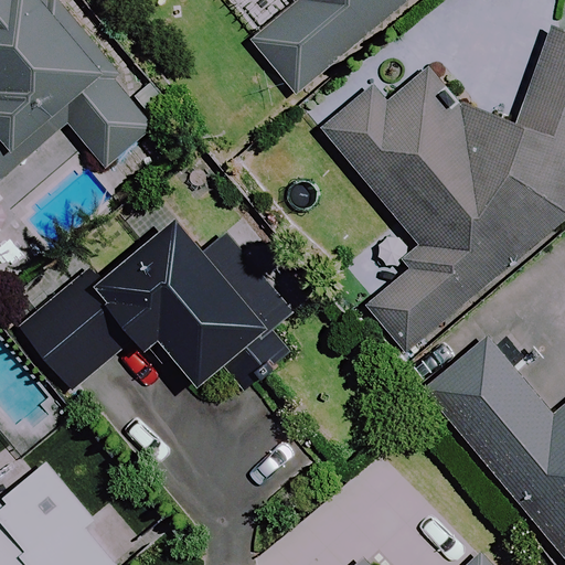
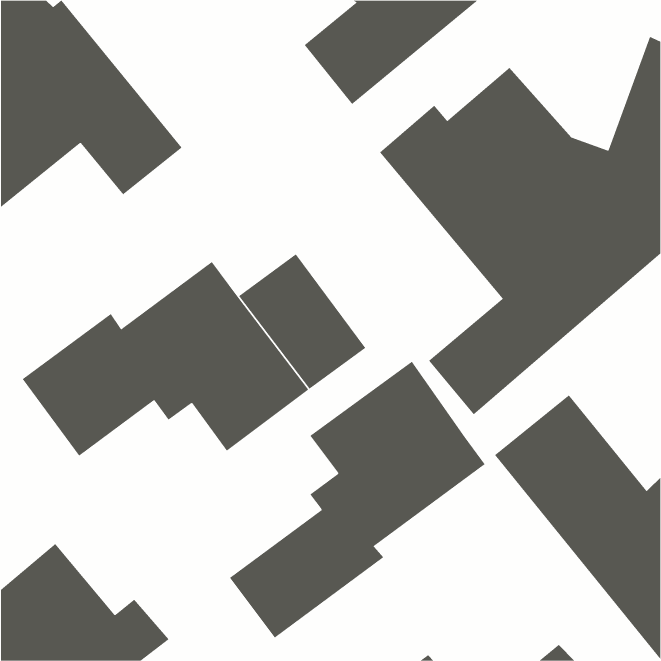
building: none -> [229,361,486,638]

